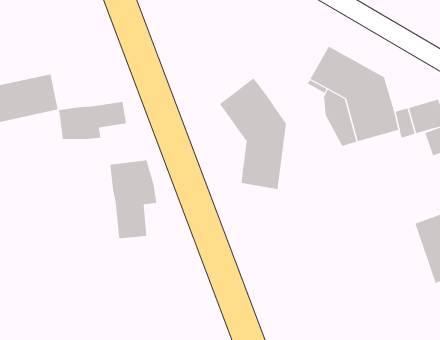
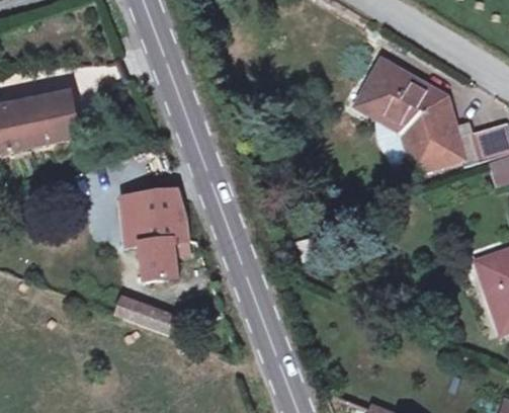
building: [219,77,286,190] -> none
building: [58,101,127,140] -> none
building: none -> [118,295,175,335]

